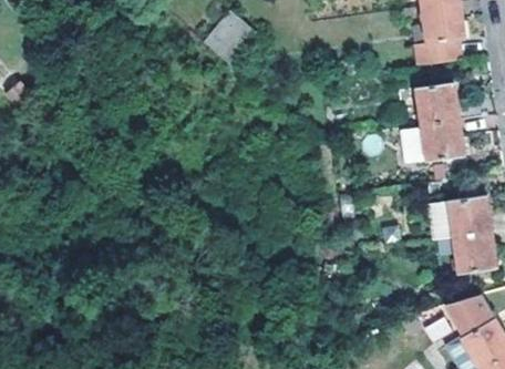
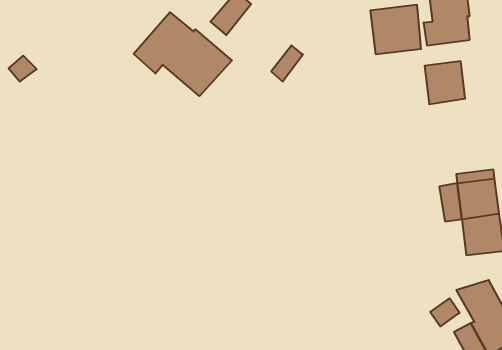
building: none -> [370,5,421,54]
building: none -> [134,12,232,96]
building: [422,119,463,161] -> none

